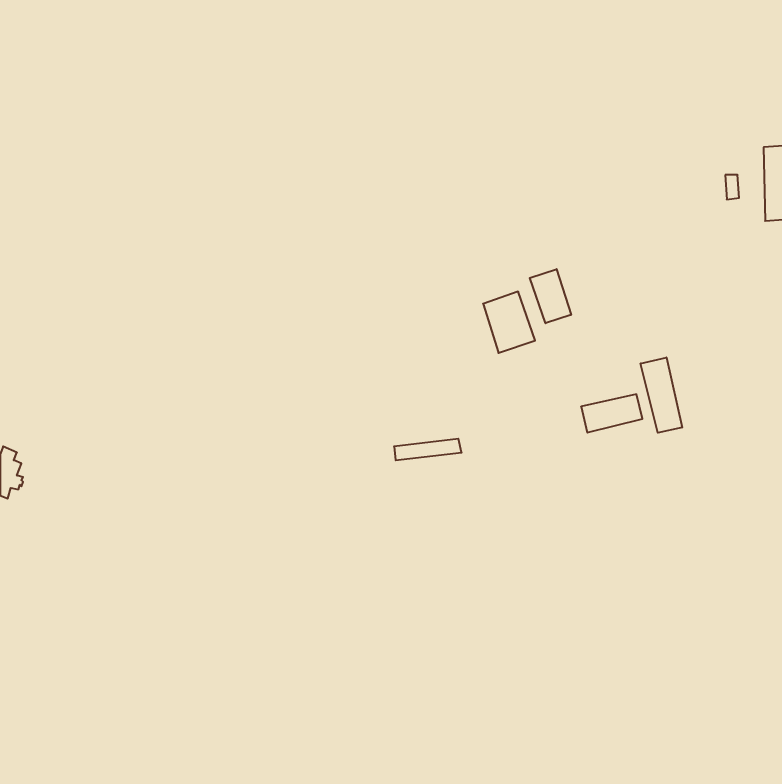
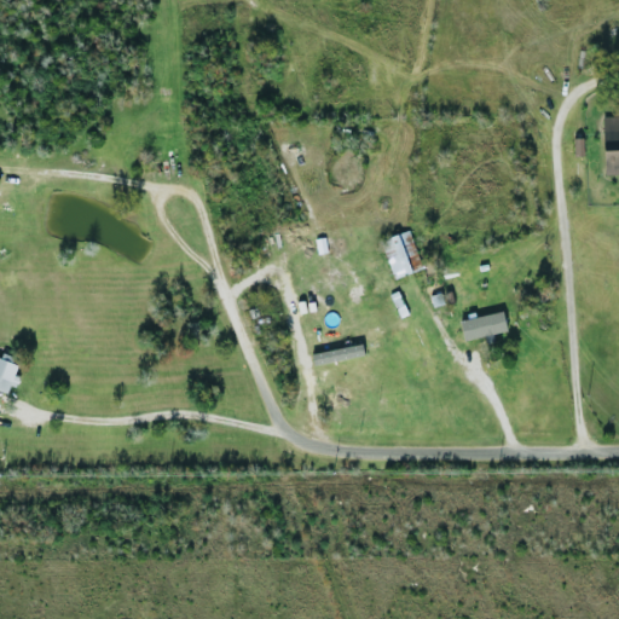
building: [530,269,571,323] -> none
building: [641,357,682,433] -> none

